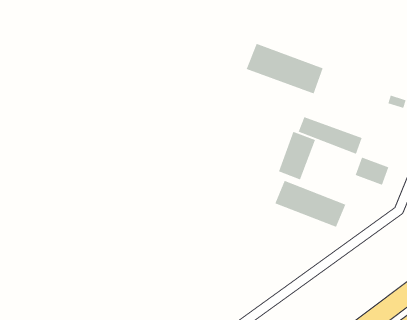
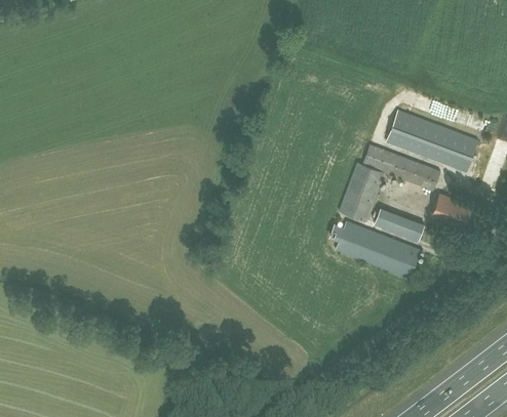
building: [246,43,324,94] -> [385,111,477,171]
building: none -> [374,208,423,241]

